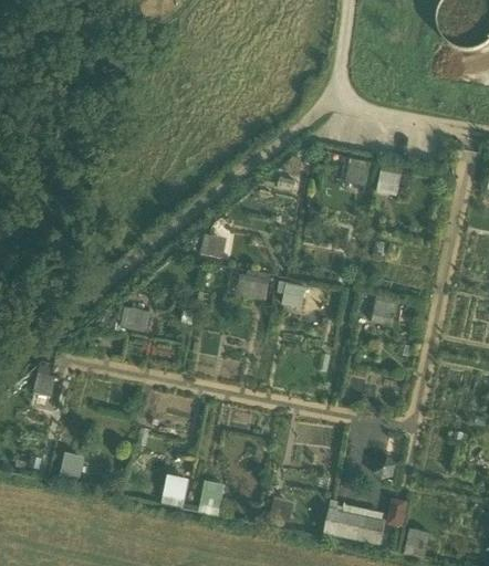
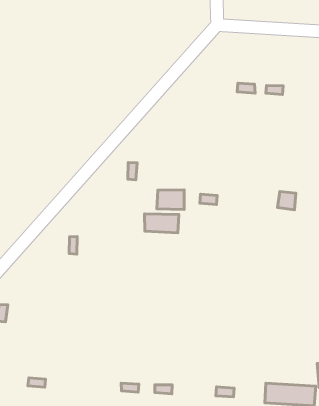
building: none -> [144,214,179,233]

